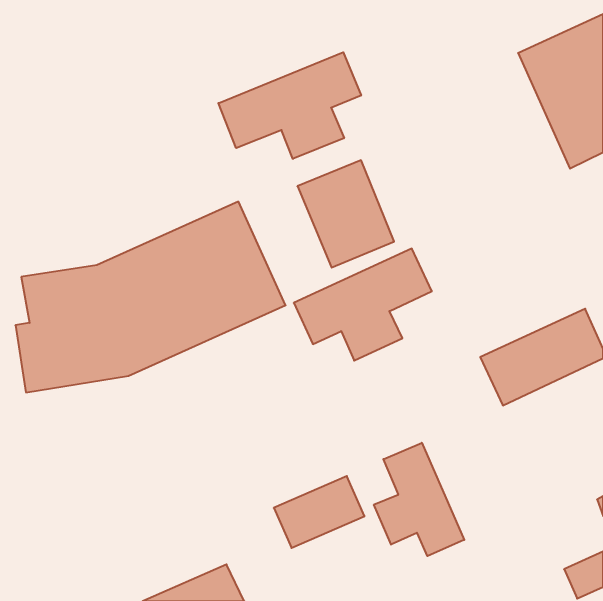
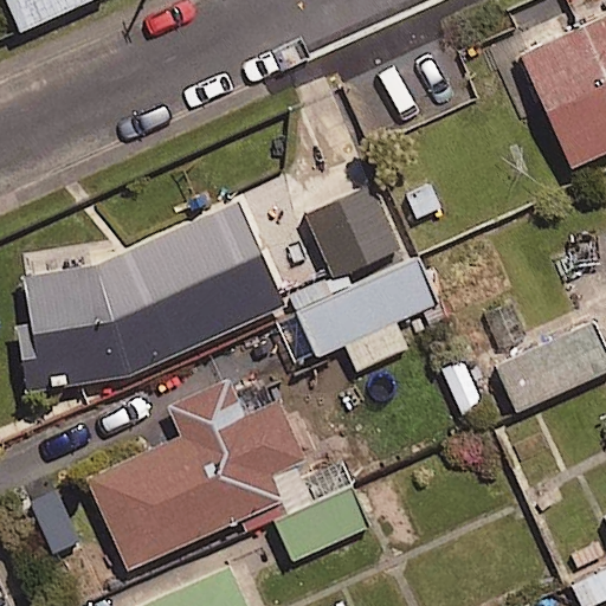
building: [218,52,361,159] -> none
building: none -> [86,380,304,572]
building: [374,443,464,556] -> none

